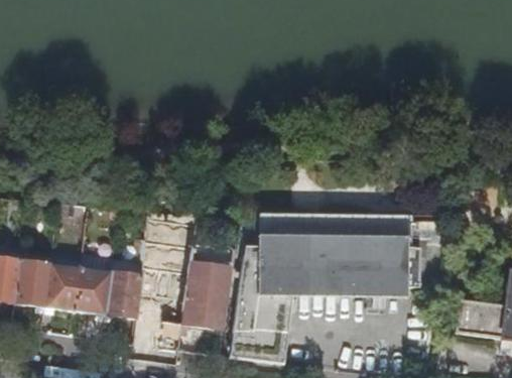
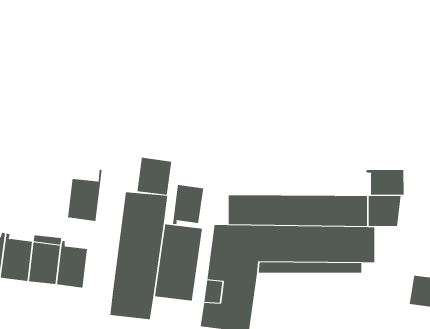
building: none -> [137,157,172,196]
building: none -> [366,169,404,196]
building: none -> [172,184,204,225]
building: [105,262,143,319] -> [67,169,103,221]

